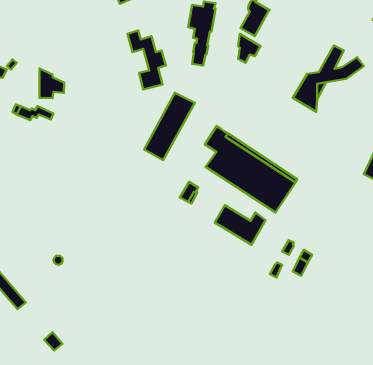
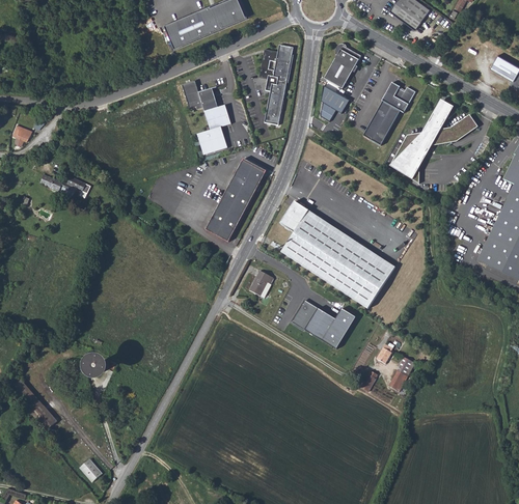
building: none -> [362,82,415,145]
building: [40,69,64,98] -> none

